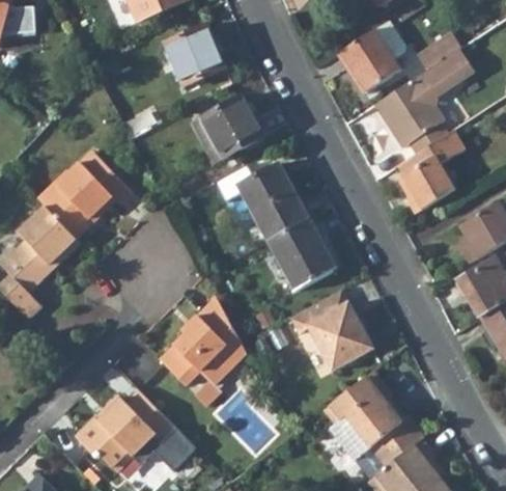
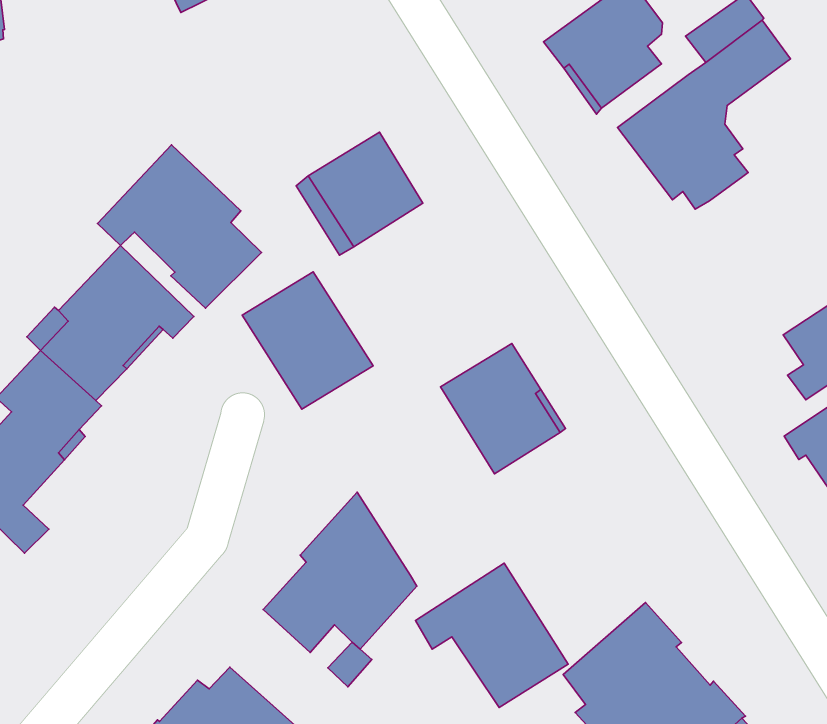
building: [164,25,226,87] -> none
building: none -> [98,145,261,308]
building: [397,128,466,212] -> none
building: [236,165,308,242] -> [242,272,373,409]
building: [289,291,373,372] -> [416,563,568,708]

